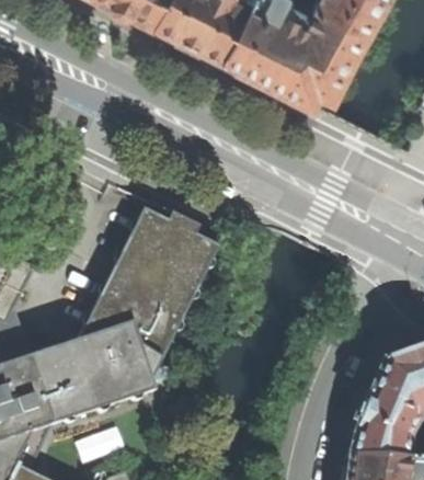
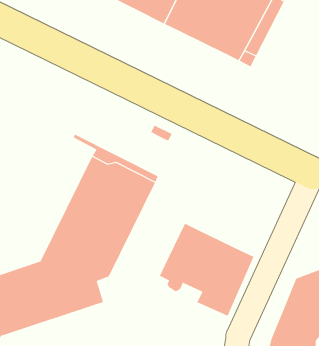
building: none -> [159,223,254,317]

